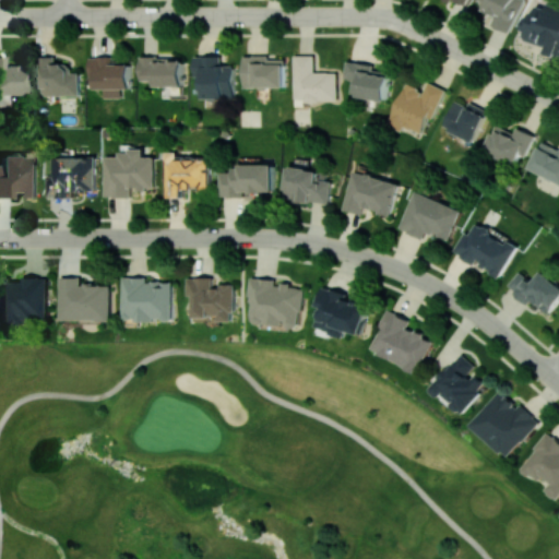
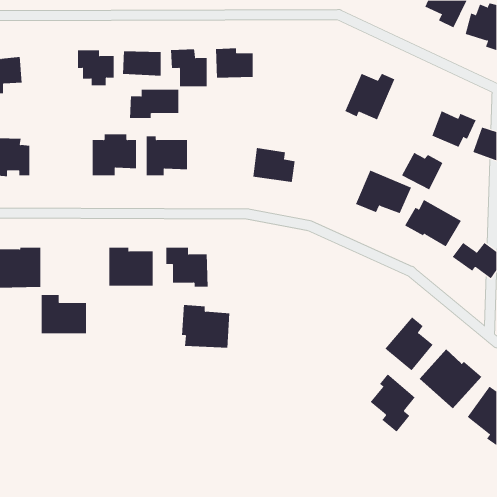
building: [290,57,334,103] -> none
building: [38,58,76,97] -> none
building: [341,62,388,103] -> none
building: [439,102,486,144] -> [401,152,443,190]
building: [44,158,94,199] -> none
building: [216,166,272,199] -> [129,89,179,118]
building: [342,173,396,217] -> none
building: [58,278,109,322] -> [41,295,87,334]
building: [246,278,300,328] -> [181,304,230,348]
building: [312,288,368,337] -> none
building: [368,311,432,374] -> none
building: none -> [370,373,416,432]

